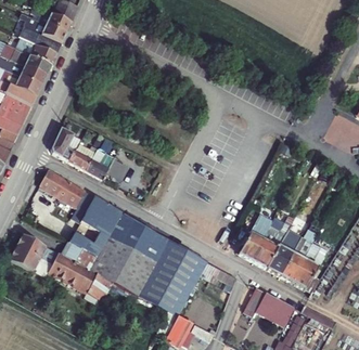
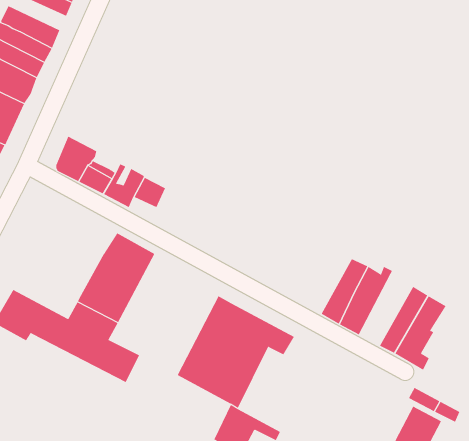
building: [40,171,97,211] -> none
building: [91,211,168,297] -> none
building: [268,225,306,276] -> none
building: [244,290,295,332] -> none

